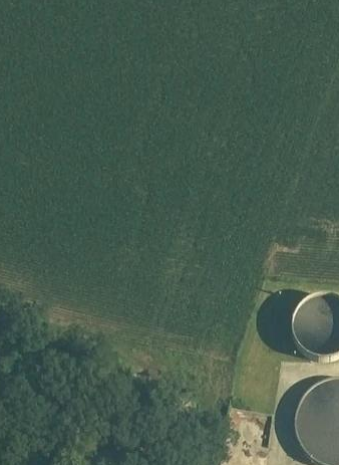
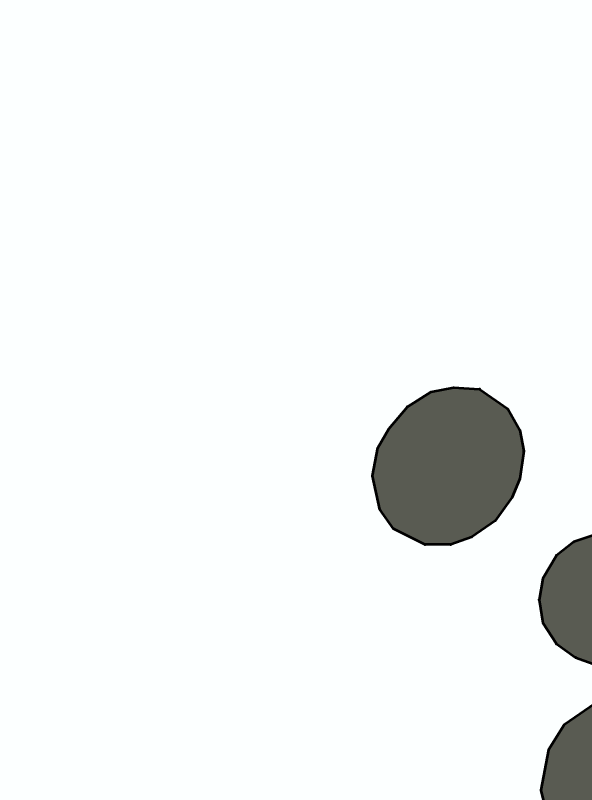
building: none -> [372,388,524,545]

